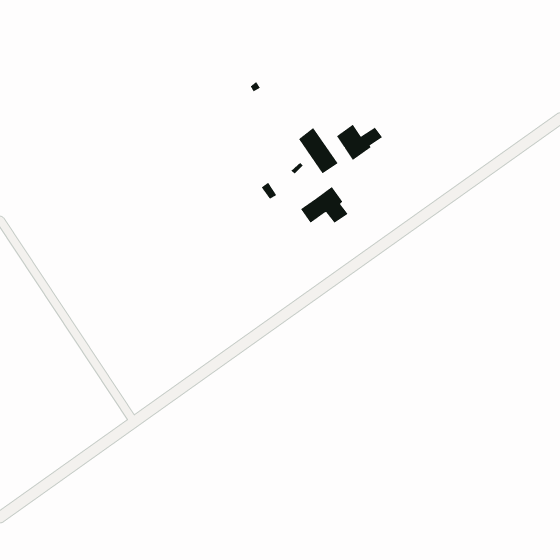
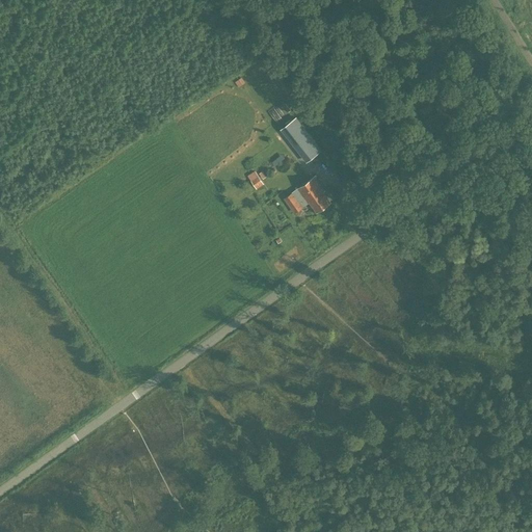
building: [336,124,383,161] -> none

